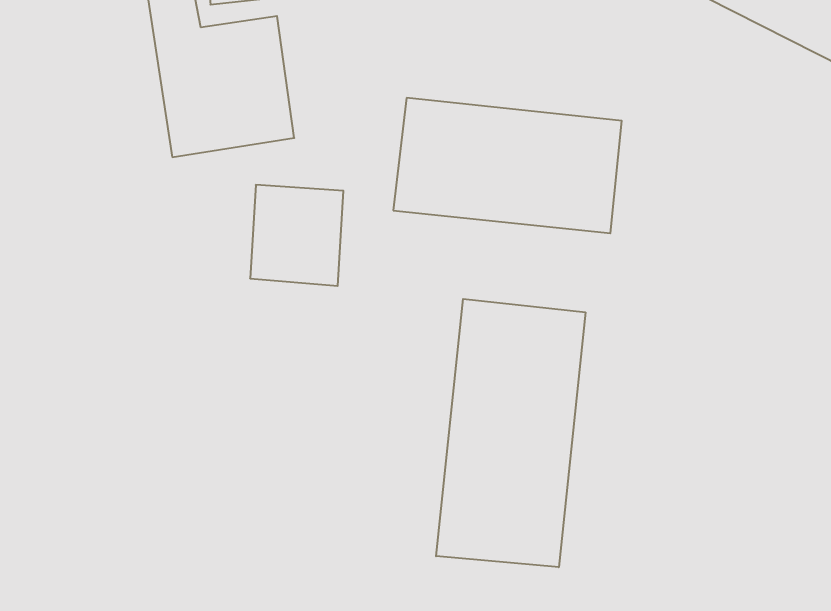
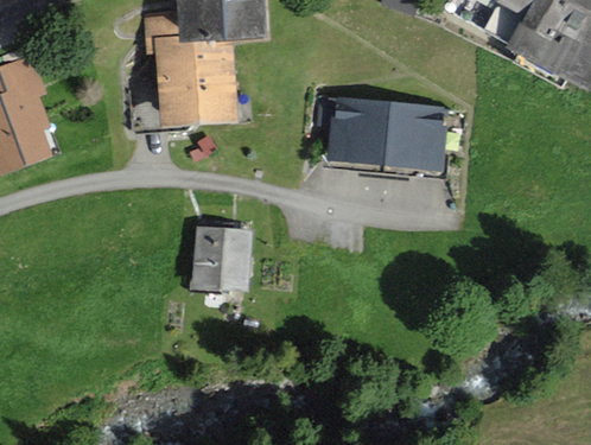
building: [250,185,343,286] -> [188,224,246,287]
building: [436,299,585,567] -> none

